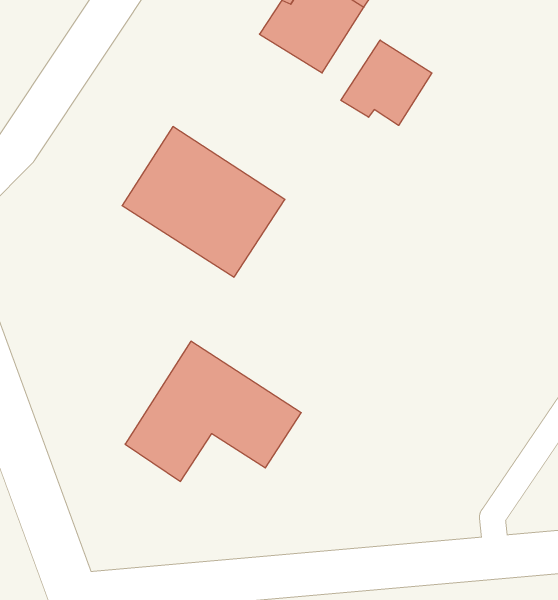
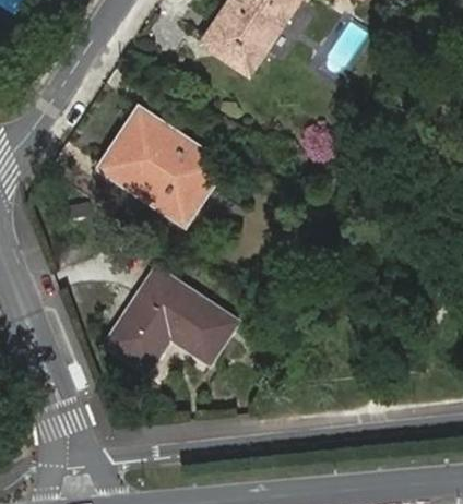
building: [341,40,432,125] -> none

